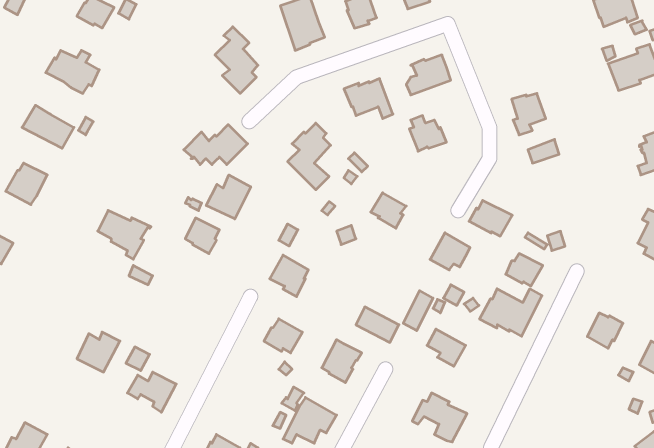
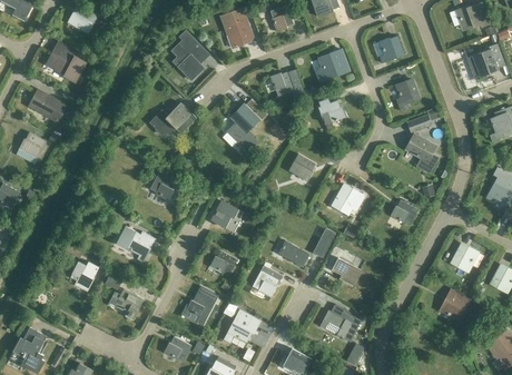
building: none -> [374,36,403,63]
building: [206,175,251,219] -> none
building: [469,200,512,236] -> [404,134,436,160]
building: [98,210,151,259] -> [116,226,156,263]
building: [480,289,542,336] -> none
building: none -> [185,286,217,325]
building: none -> [437,288,469,319]

